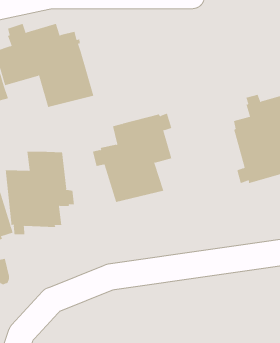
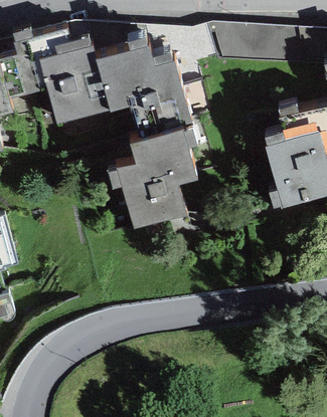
building: none -> [95,37,191,141]
building: [5,151,74,235] -> none

